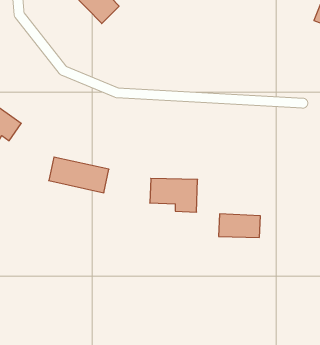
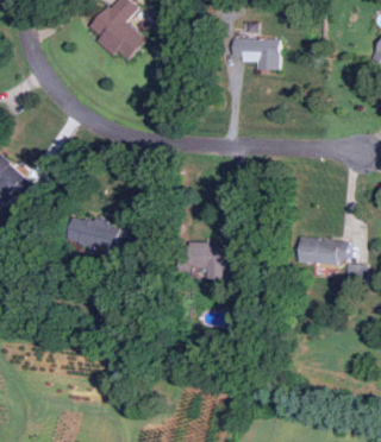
building: none -> [233,45,274,77]
building: [219,214,260,237] -> [298,238,346,265]

